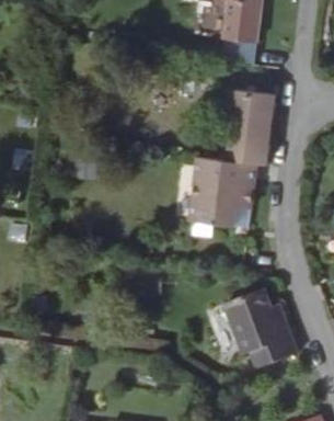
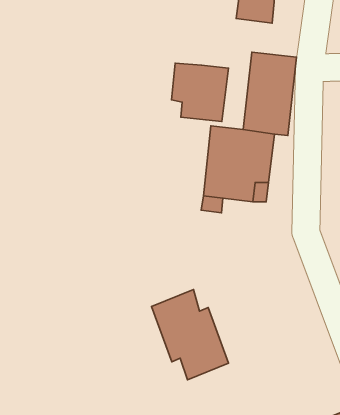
building: none -> [171,63,228,121]
building: [226,286,296,368] -> [151,289,229,380]

